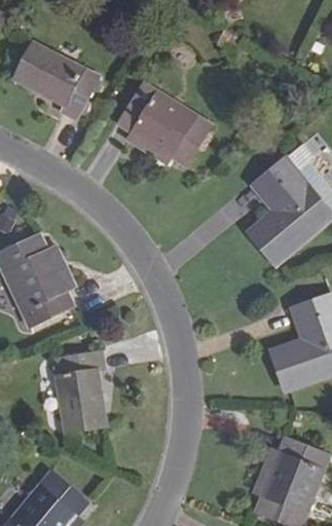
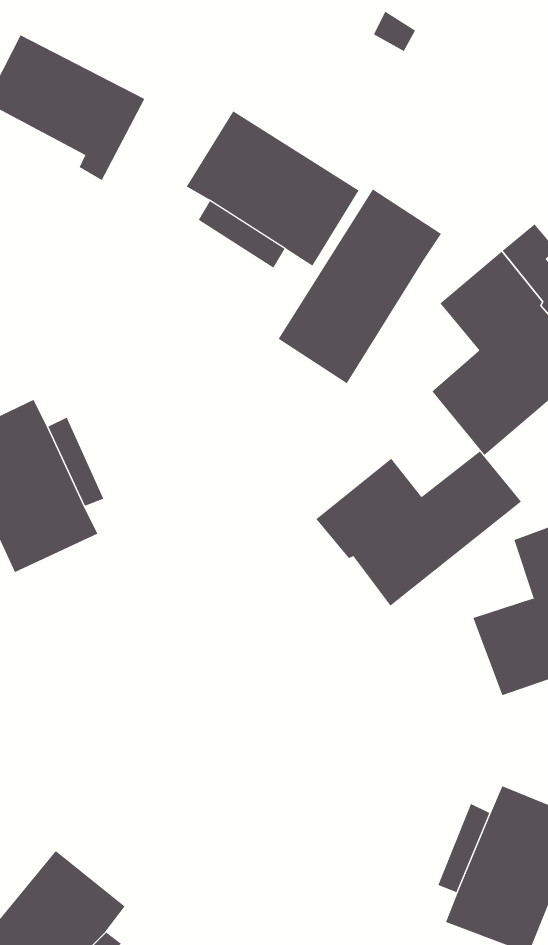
building: none -> [278,189,442,384]
building: none -> [315,450,522,607]
building: [54,351,105,431] -> none

